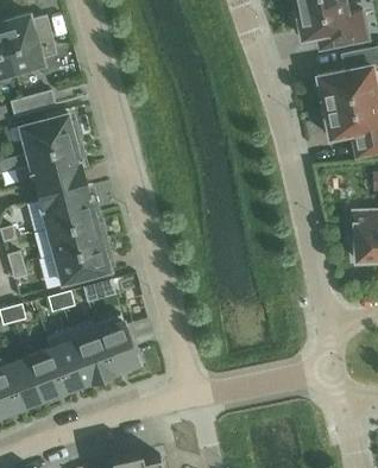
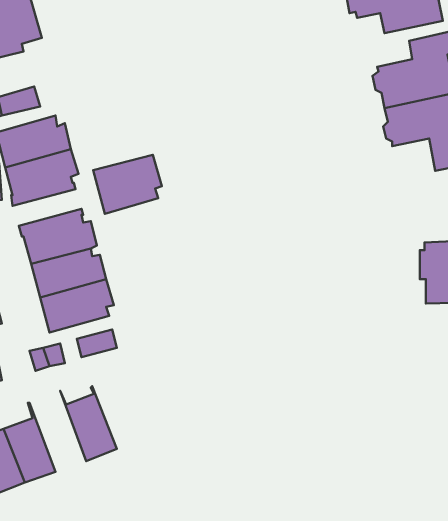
building: none -> [93,155,162,214]
building: [95,316,138,373] -> none
building: [46,328,90,391] -> none

